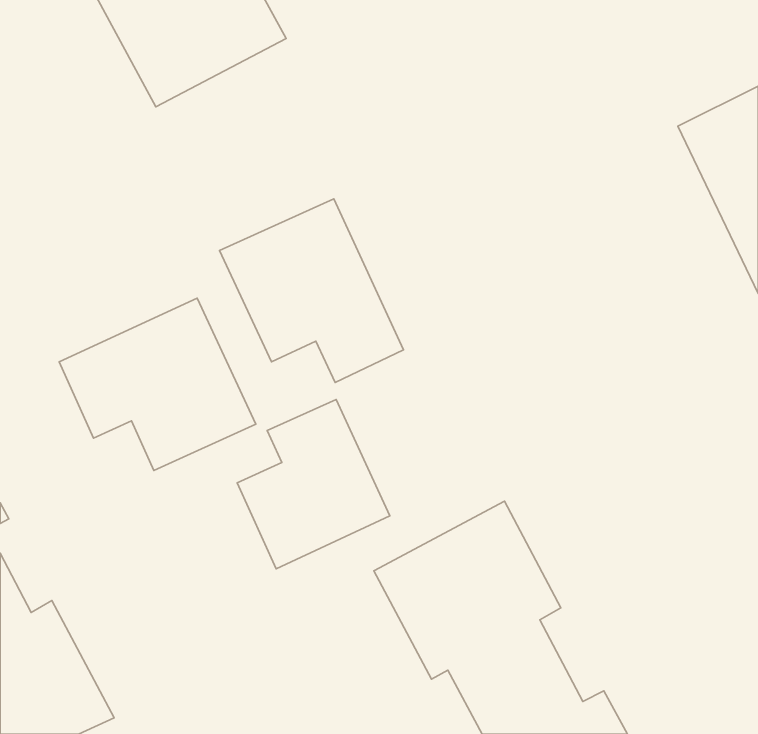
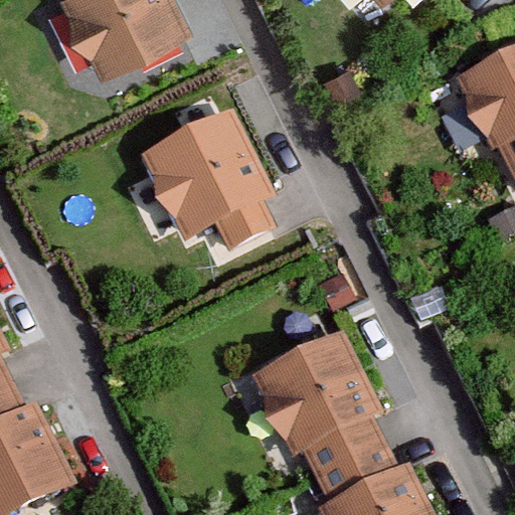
building: [59,298,256,470] -> none
building: [237,399,390,569] -> none

